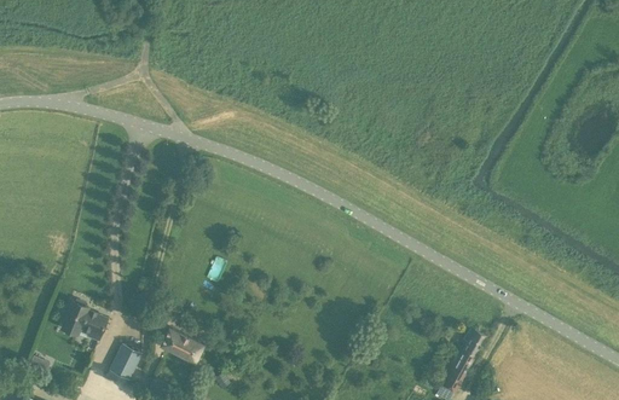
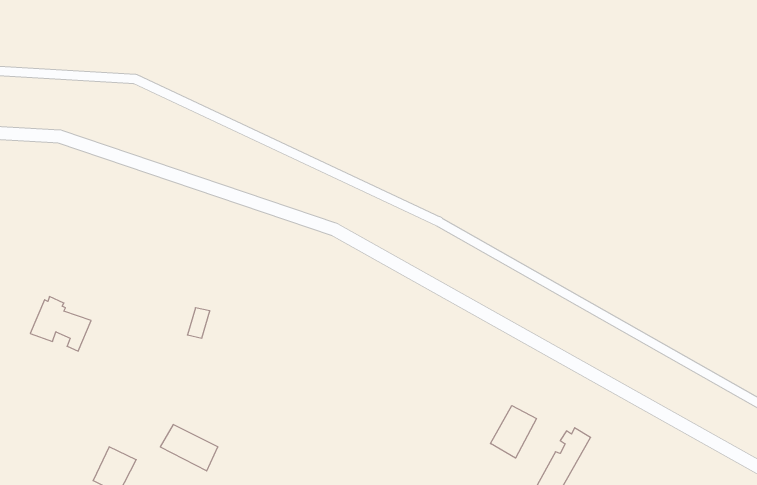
building: [60,301,106,342] -> [30,297,91,351]
building: none -> [490,406,536,458]

